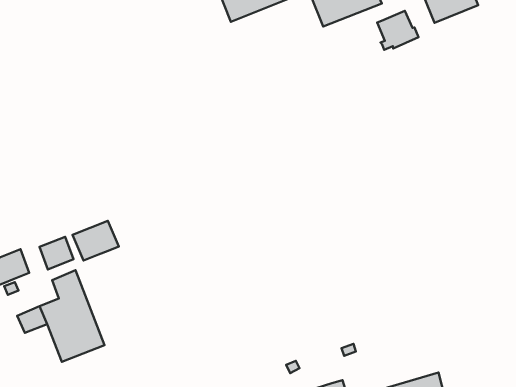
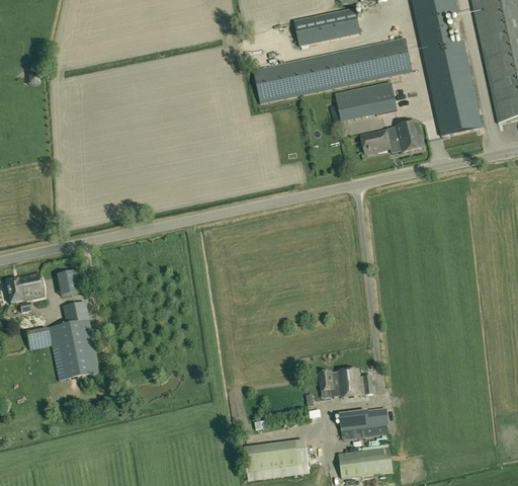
building: none -> [362,128,395,154]
building: [73,221,119,260] -> none
building: none -> [319,369,374,398]
building: none -> [339,408,390,439]

